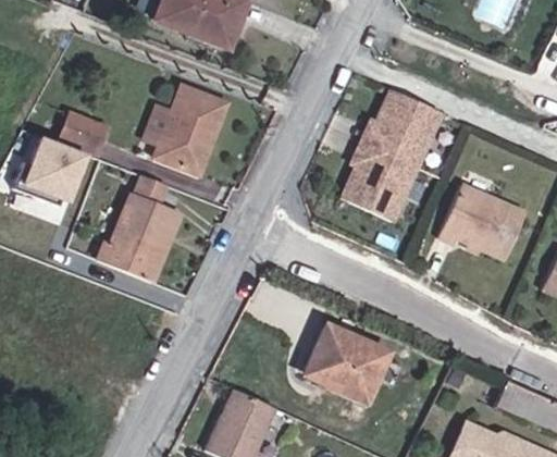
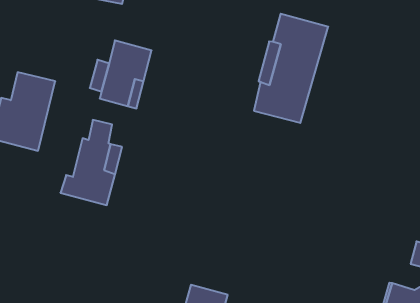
building: [437,182,525,257] -> none
building: [300,321,387,402] -> none

